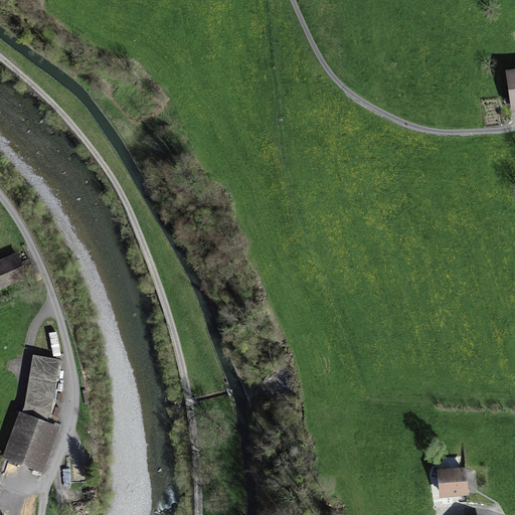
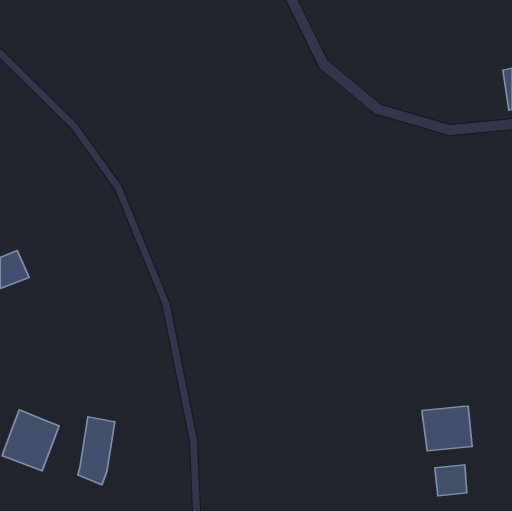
building: [22,354,59,422] -> [78,417,115,485]
building: none -> [422,406,472,451]

